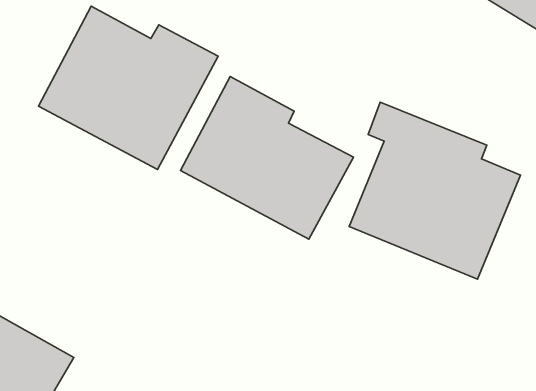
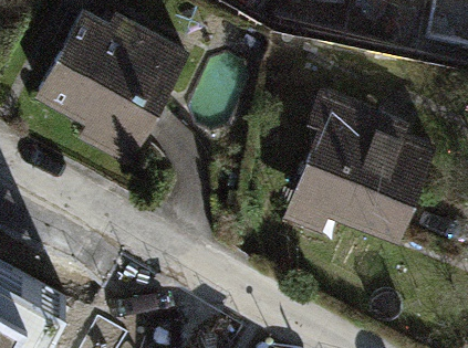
building: [180,77,353,239] -> none

